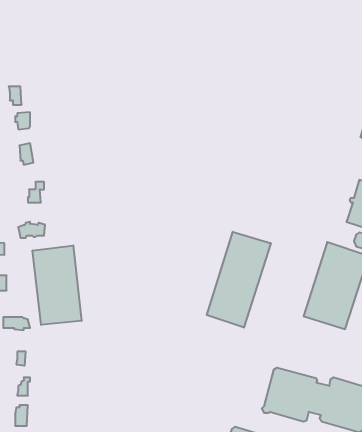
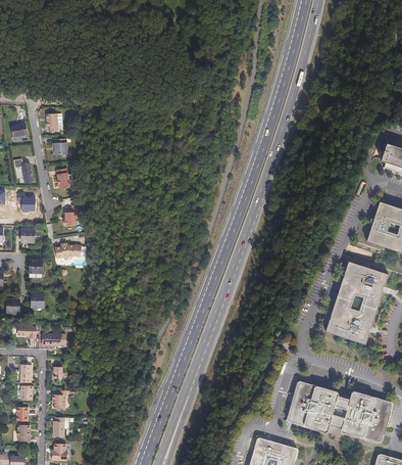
building: [207,232,271,328] -> none
building: [33,245,82,325] -> none

